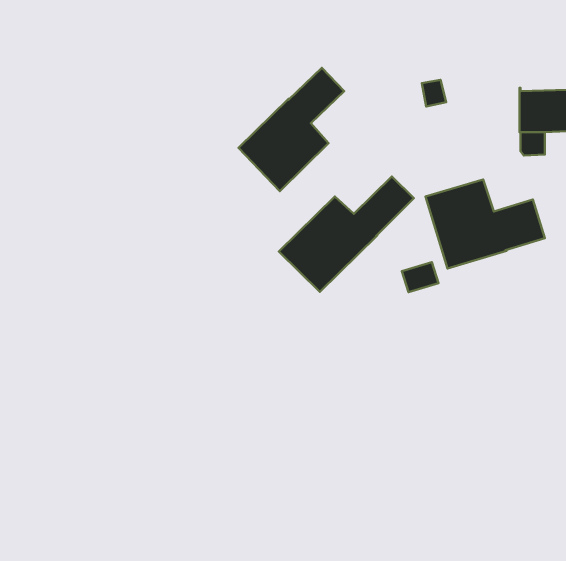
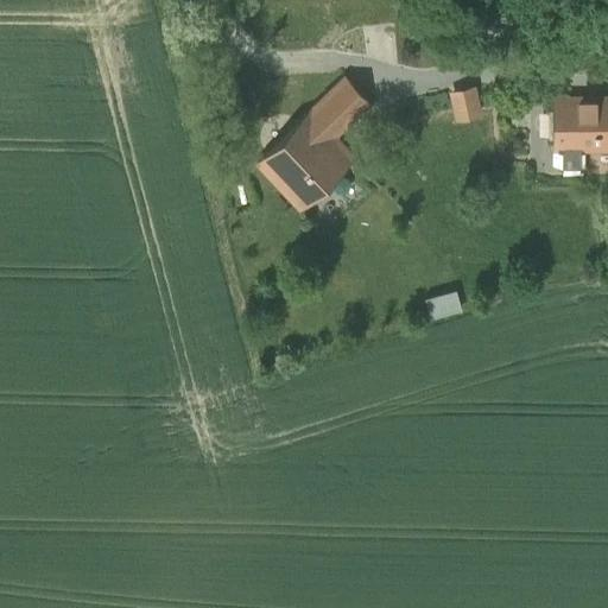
building: [279,176,414,292] -> none
building: [425,180,545,268] -> none

